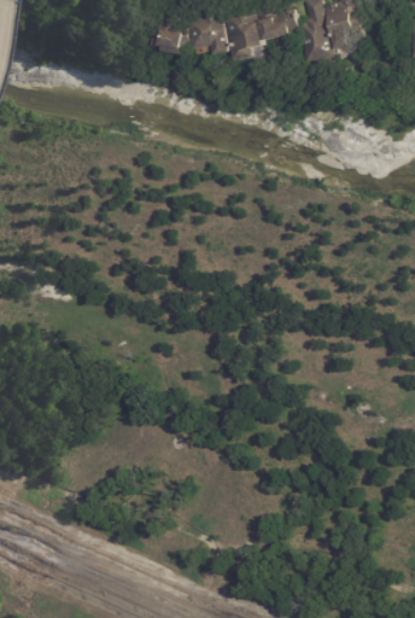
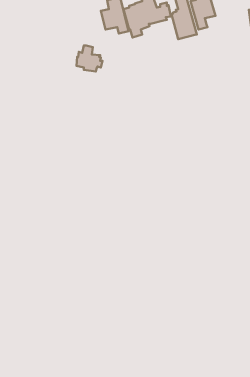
building: [154,17,193,56] -> [76,45,102,71]

